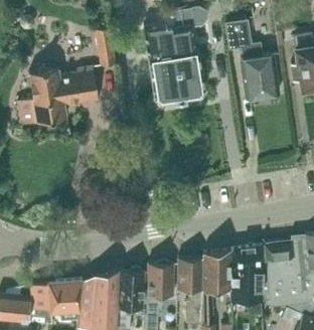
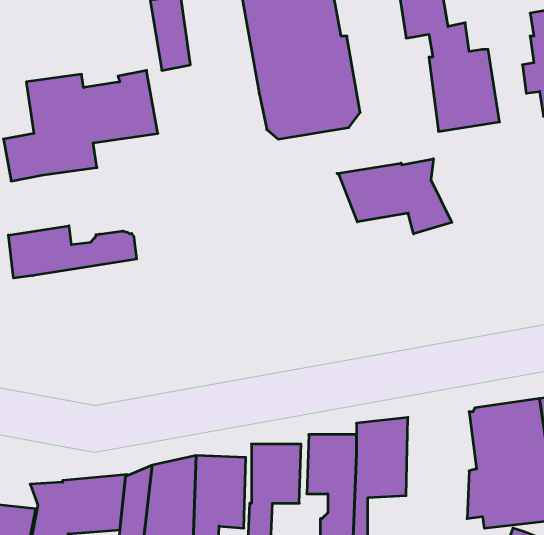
building: none -> [337,159,452,234]
building: none -> [8,226,137,278]
building: [230,246,263,302] -> none

